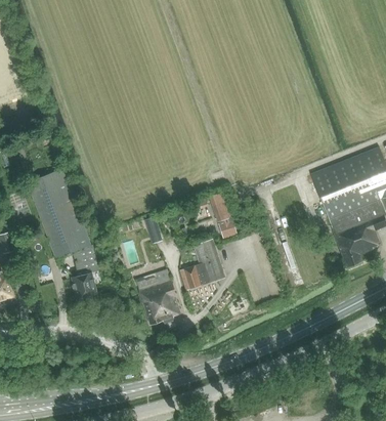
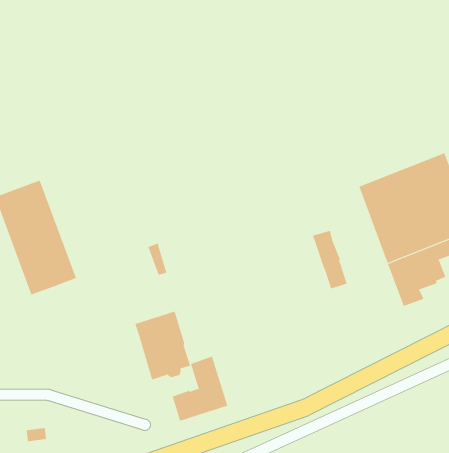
building: [208,193,235,239] -> [312,230,348,289]
building: [179,239,223,290] -> [172,356,228,421]
building: [71,245,96,298] -> none

